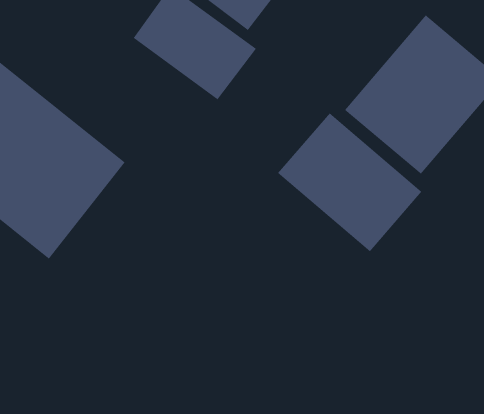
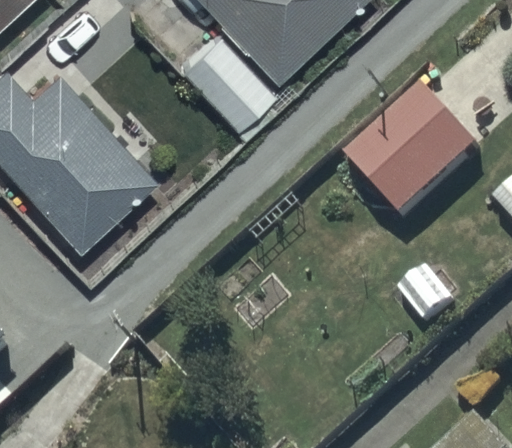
building: [277,113,422,252] -> none

